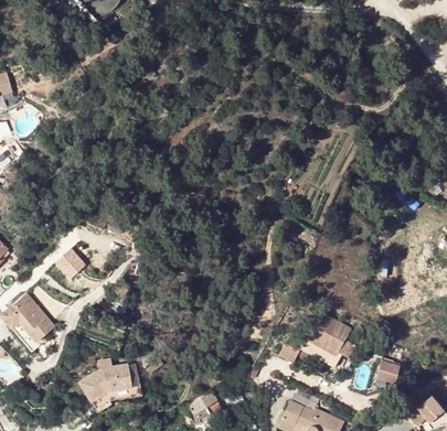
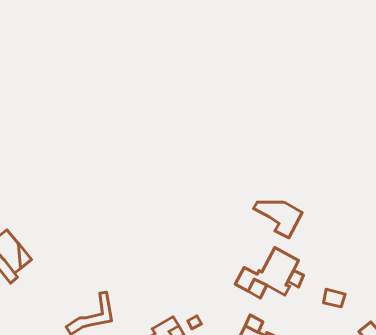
building: [51,245,84,278] -> none
building: none -> [253,202,302,238]
building: [81,360,132,401] -> none

